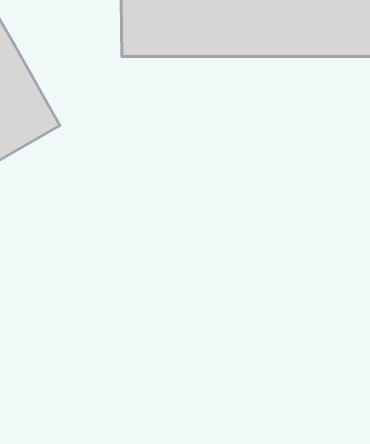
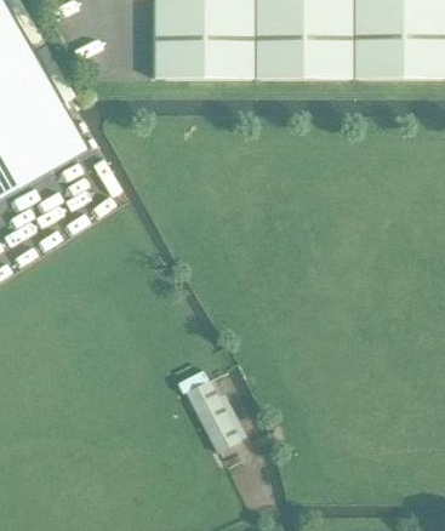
building: none -> [182,377,240,451]

